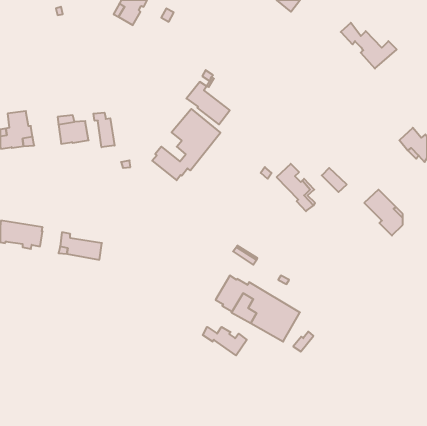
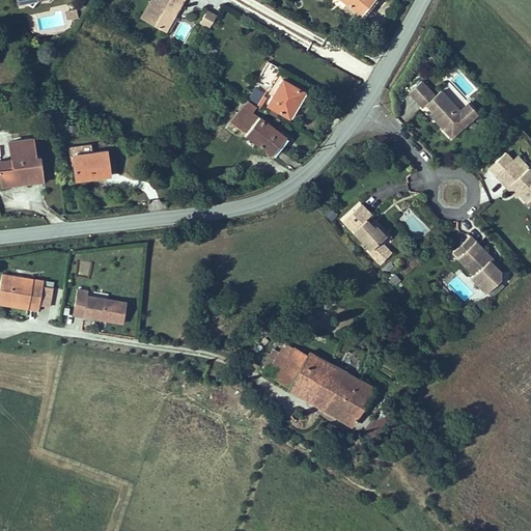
building: [341,23,397,69] -> [409,81,478,138]
building: none -> [268,80,303,117]
building: [152,109,220,180] -> none
building: [93,113,115,147] -> none
building: [203,327,247,355] -> none

